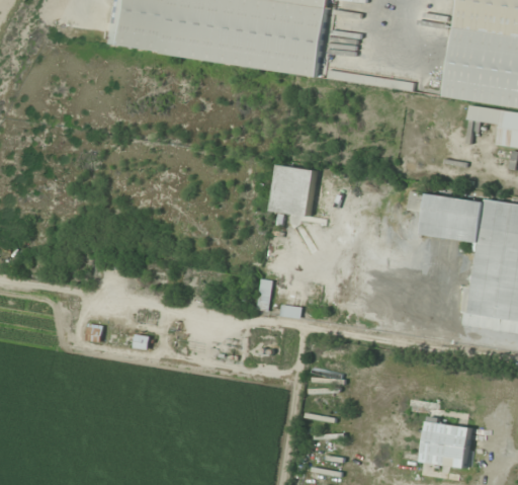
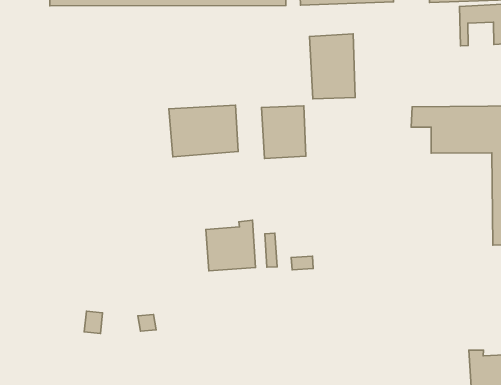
building: none -> [309,34,355,99]
building: none -> [169,105,238,157]
building: none -> [206,220,255,271]

